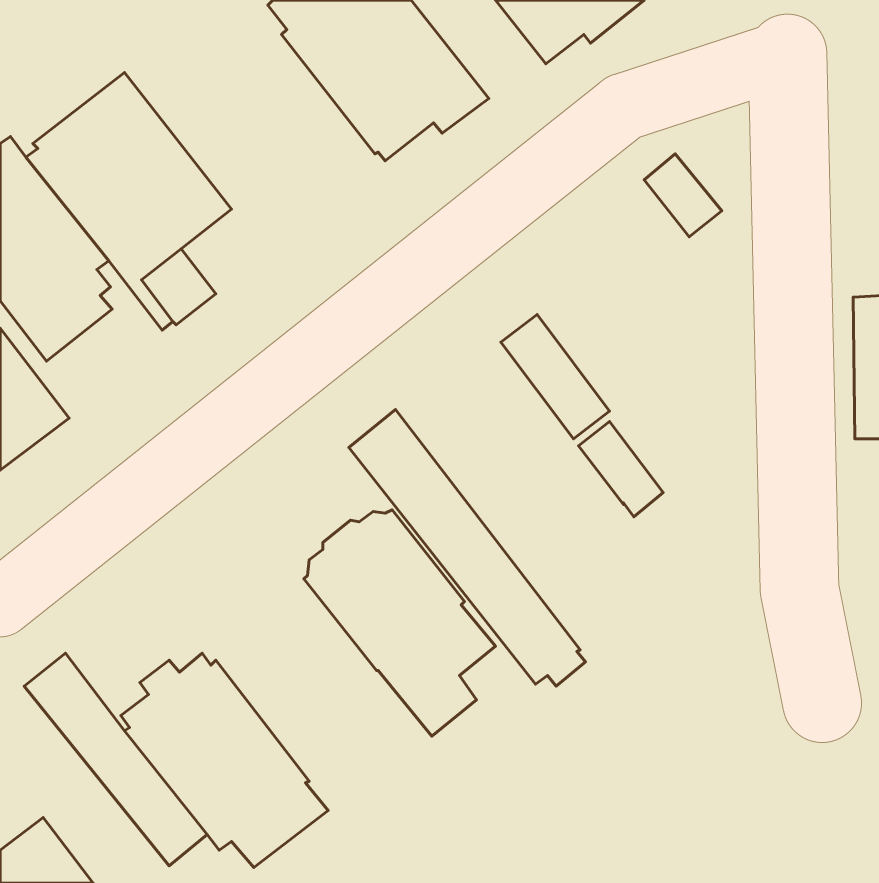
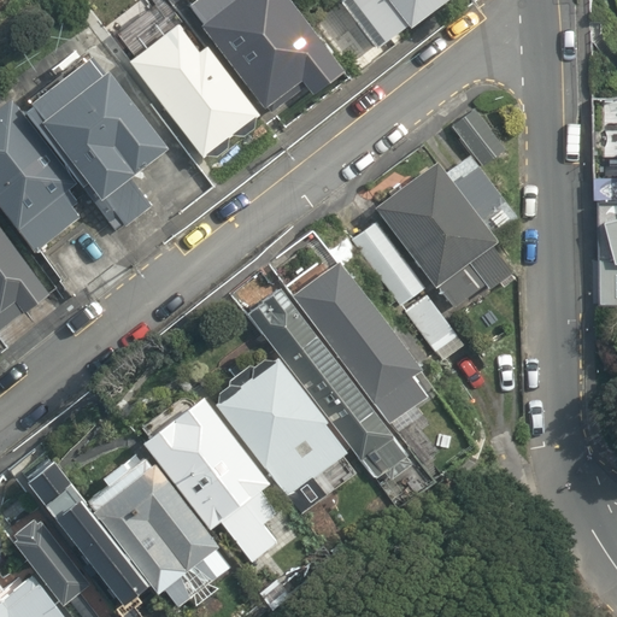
building: none -> [127,22,259,157]
building: none -> [375,153,516,306]
building: none -> [290,259,425,423]
building: none -> [140,394,277,560]
building: none -> [8,516,90,604]

